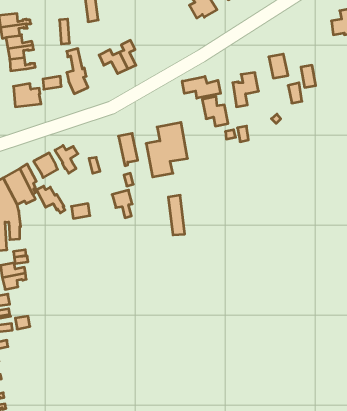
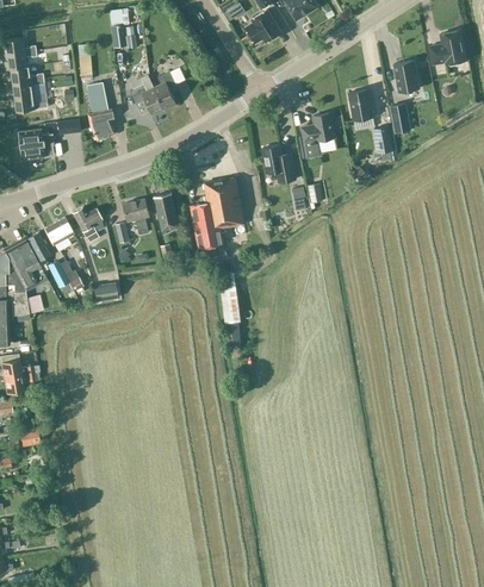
building: none -> [392,61,417,93]
building: [182,76,221,98] -> none
building: [112,190,132,218] -> [123,198,149,233]

